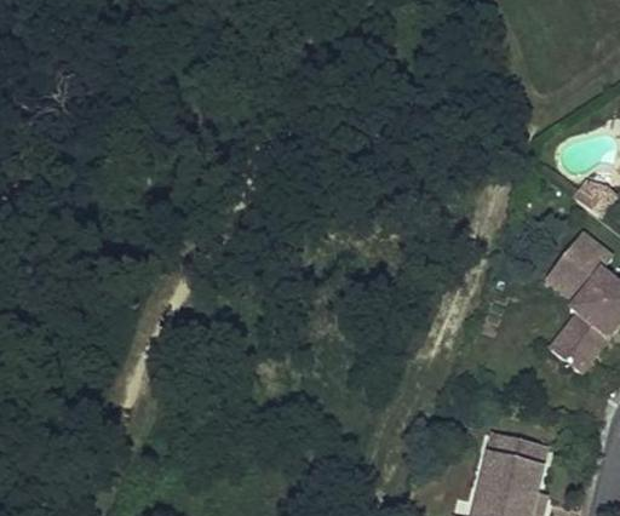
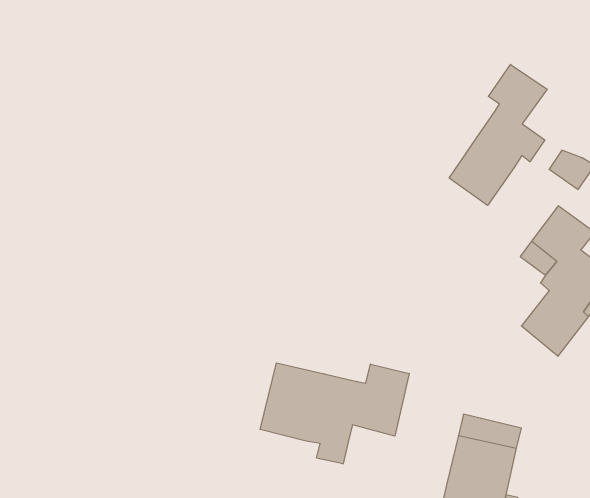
building: none -> [449,64,547,205]
building: none -> [260,363,409,464]

